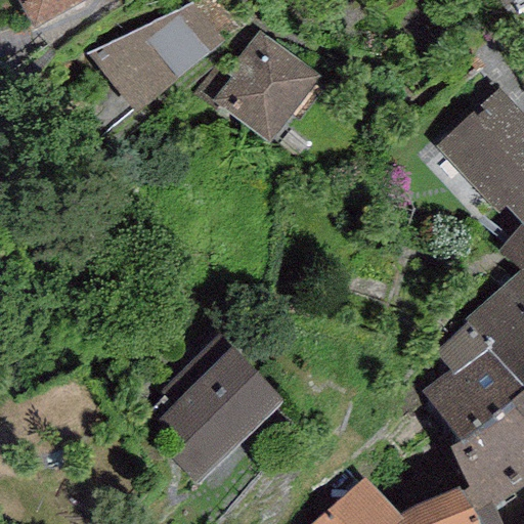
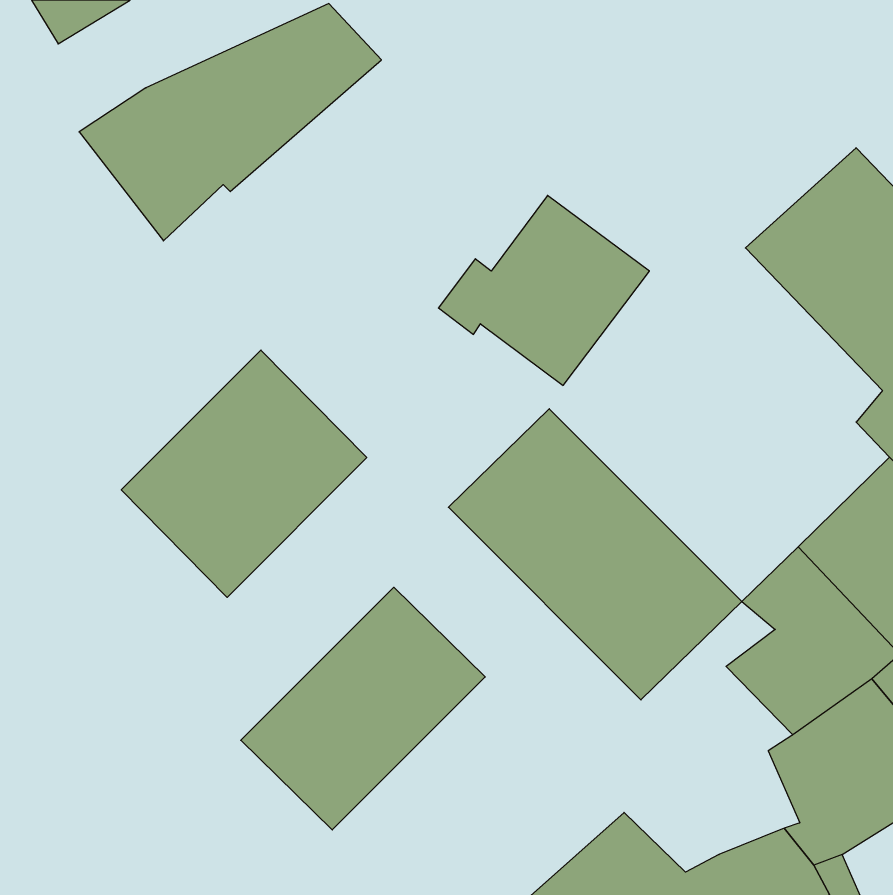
building: [198,31,320,141] -> [438,195,649,385]
building: none -> [121,350,367,597]
building: none -> [448,409,742,700]

